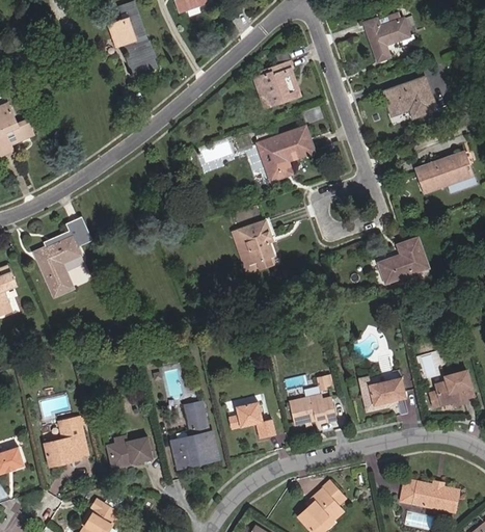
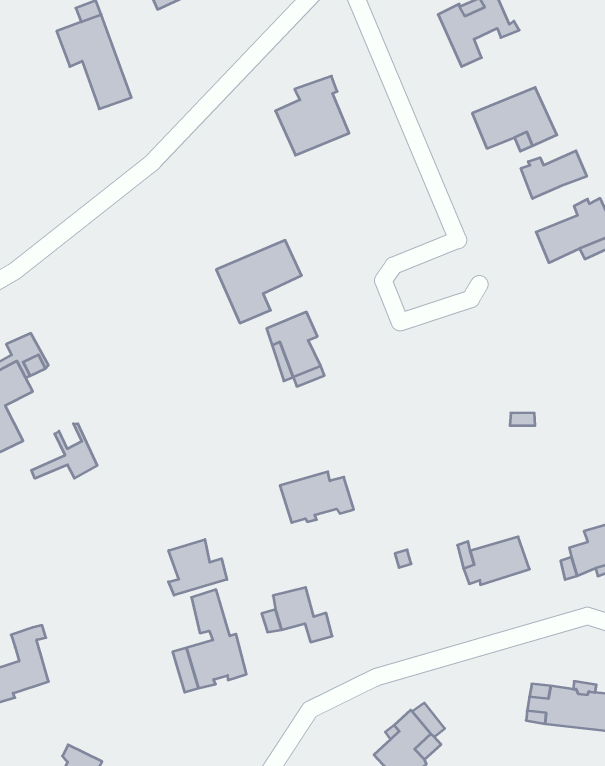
building: none -> [521,151,587,199]
building: [261,130,317,183] -> [216,240,302,323]
building: [382,242,431,289] -> none
building: none -> [31,424,97,478]
building: none -> [168,539,227,595]
building: [286,394,333,426] -> [280,472,354,523]
building: [103,432,145,464] -> none

